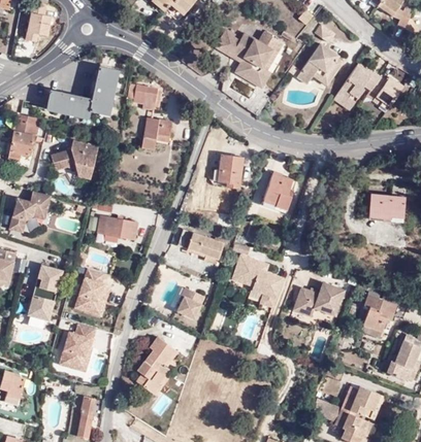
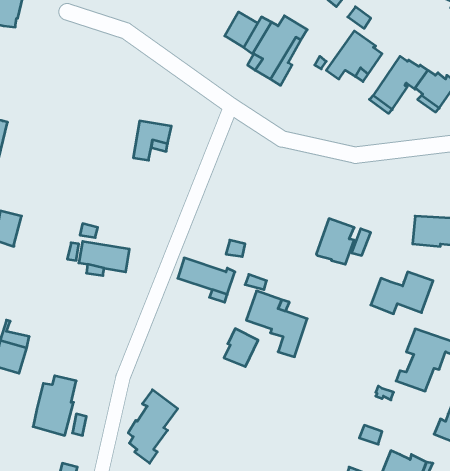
building: [46,67,120,120] -> none
building: [126,83,158,110] -> none
building: [51,140,98,178] -> none
building: [217,154,244,188] -> none
building: [262,172,293,209] -> [316,219,354,264]
building: [38,265,63,293] -> none
building: [74,269,110,316] -> none
building: [293,282,344,316] -> [371,272,433,314]
building: [176,287,204,318] -> [224,329,258,367]

